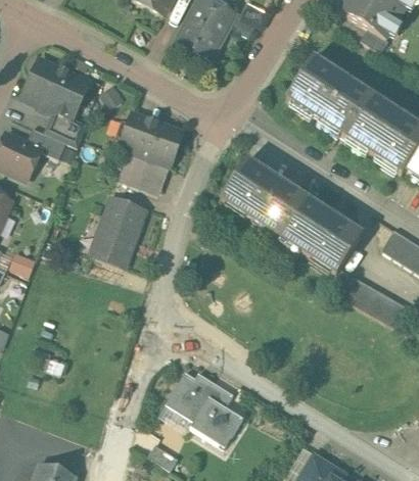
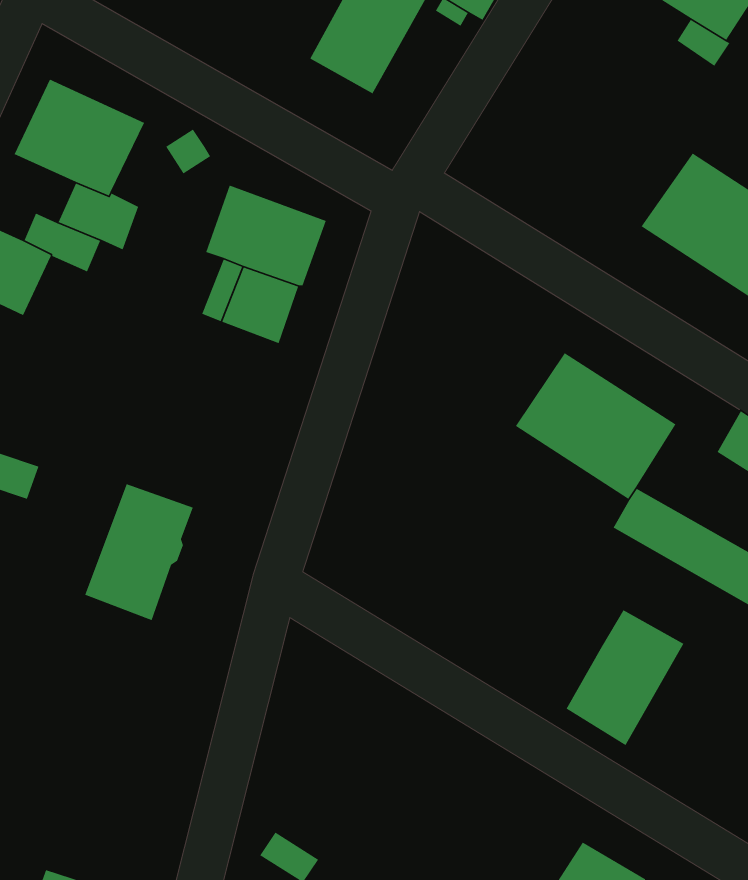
building: [286,58,369,134] -> none
building: [220,160,304,236] -> none
building: [90,196,146,267] -> [84,483,194,621]
building: none -> [565,609,685,746]
building: [169,372,241,445] -> none

